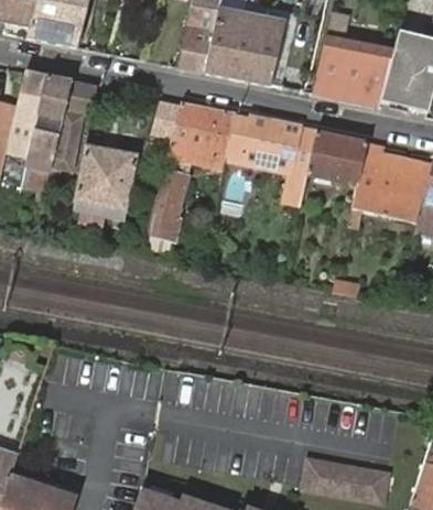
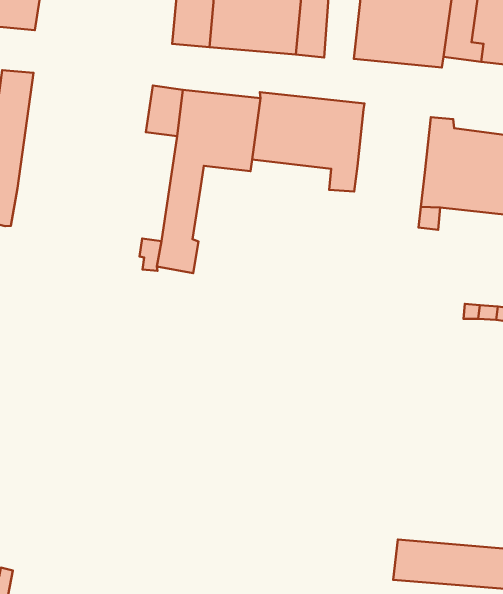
building: [51,80,99,170] -> none
building: [306,133,365,185] -> none
building: [73,145,139,230] -> none

